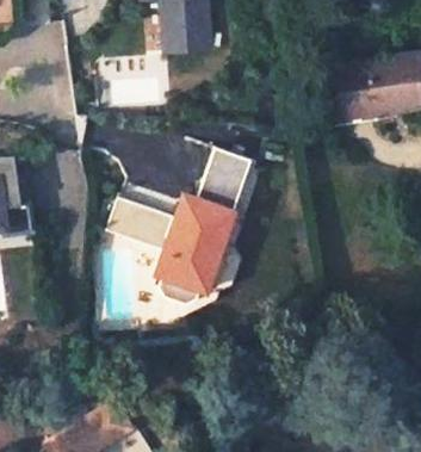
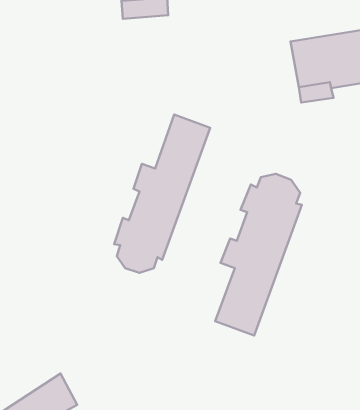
building: [106,194,181,252] -> none
building: none -> [215,174,302,335]

